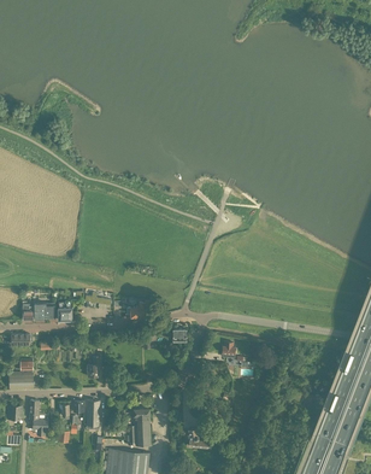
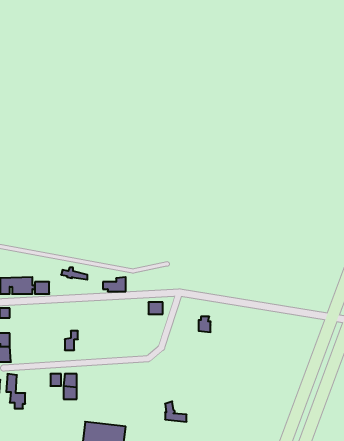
building: [128,408,149,444] -> none

